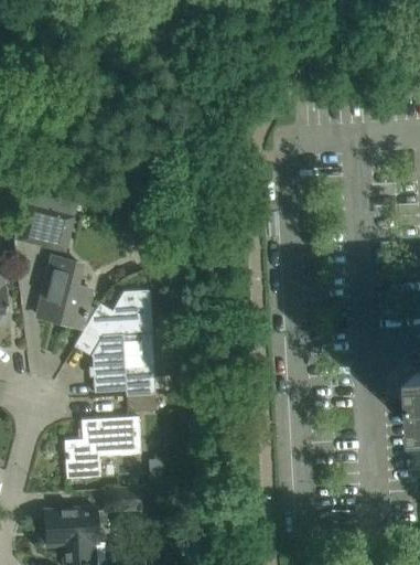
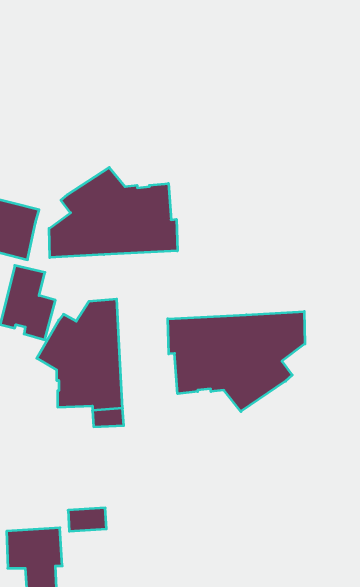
building: none -> [49,167,177,258]
building: none -> [168,311,305,412]
building: [64,415,140,478] -> none

